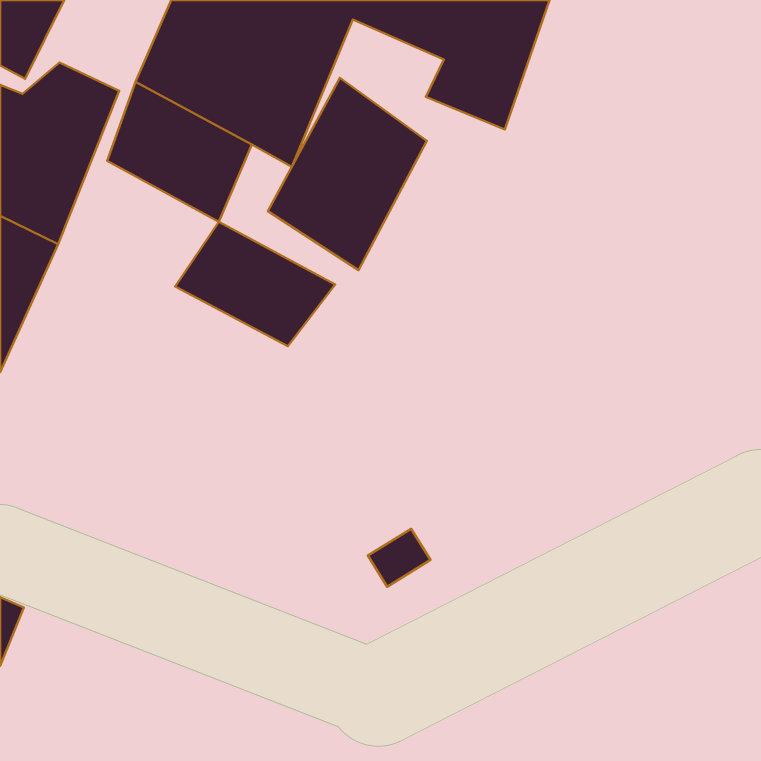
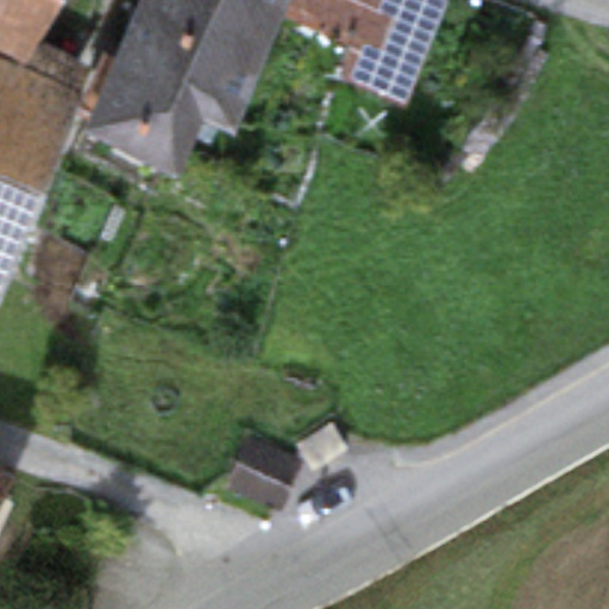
building: [268,78,427,270] -> none
building: [175,222,335,346] -> none

